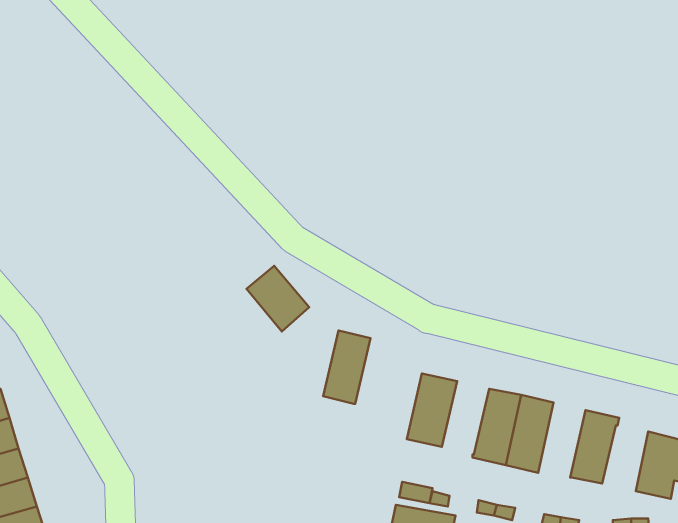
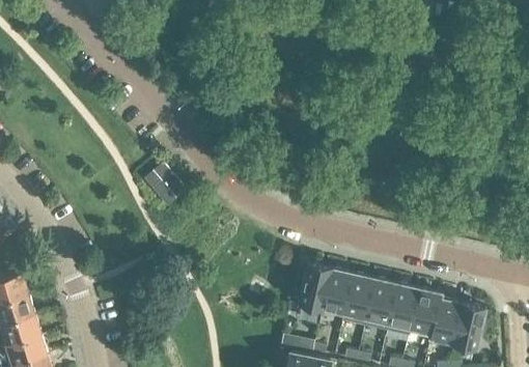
building: [247,266,309,332] -> [146,163,189,207]
building: [323,331,370,404] -> [322,267,354,317]
building: none -> [387,282,419,335]
building: none -> [430,298,462,342]

